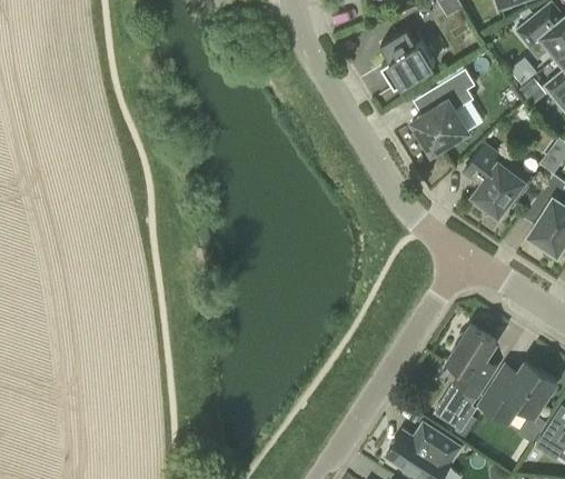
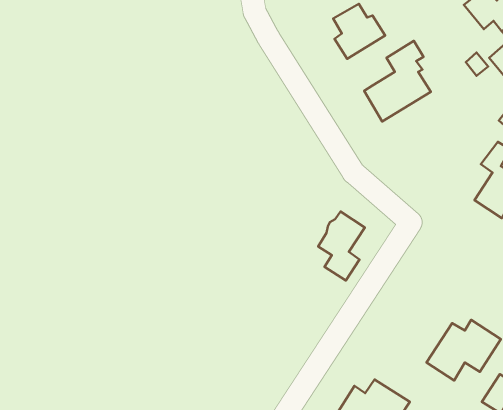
building: [464,144,532,216] -> none
building: [447,326,496,398] -> [318,212,365,281]
building: [434,396,473,431] -> none

